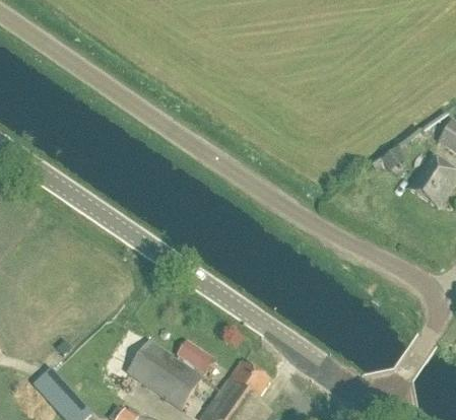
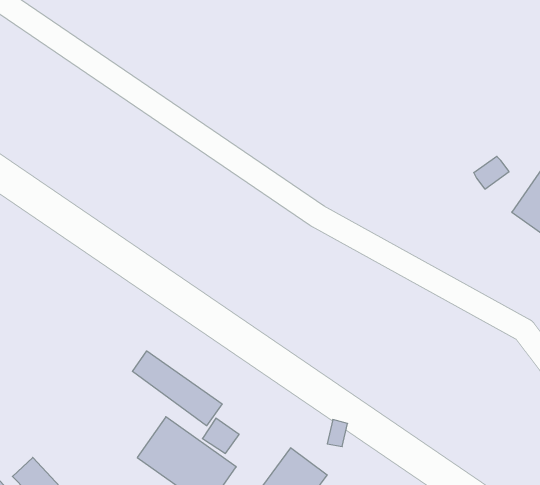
building: none -> [132,351,222,426]

